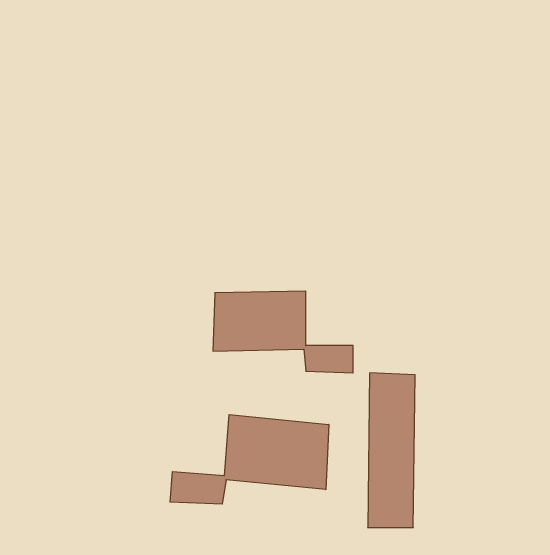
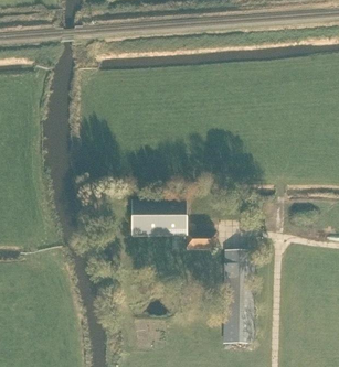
building: [170,415,329,504] -> none

